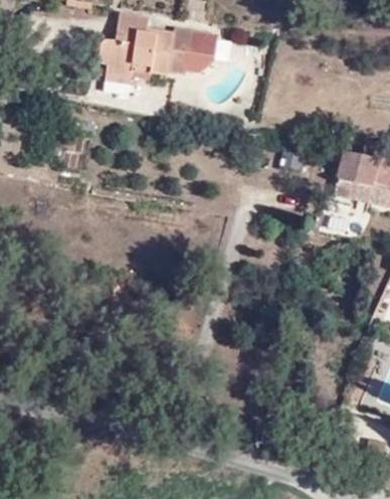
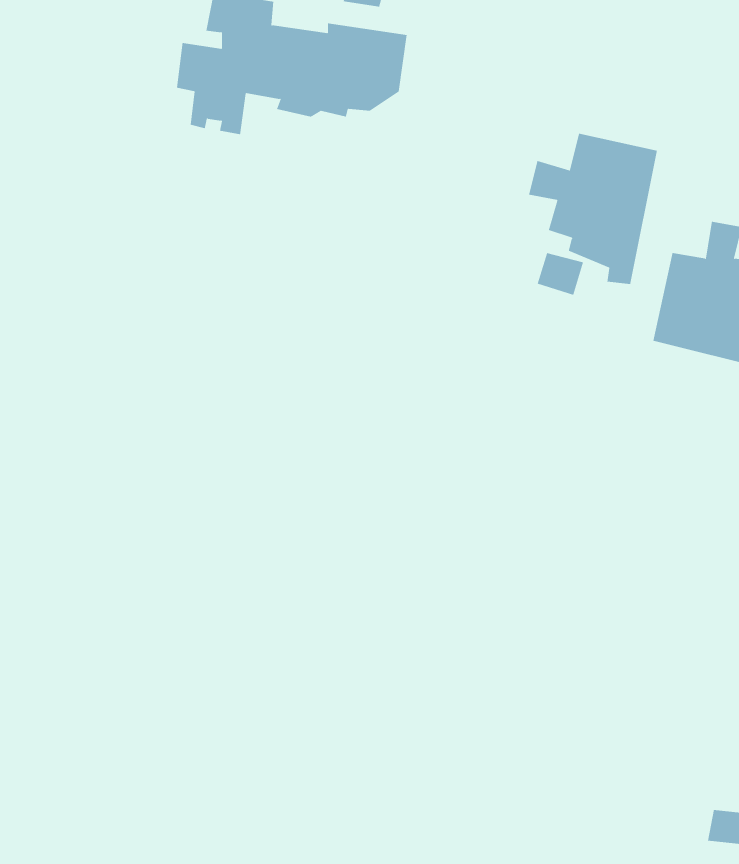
building: none -> [528,133,657,285]

